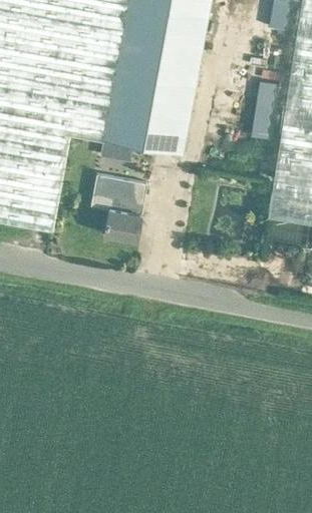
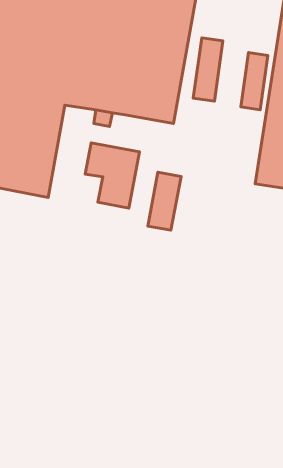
building: none -> [193,38,223,101]
building: none -> [148,172,181,230]

